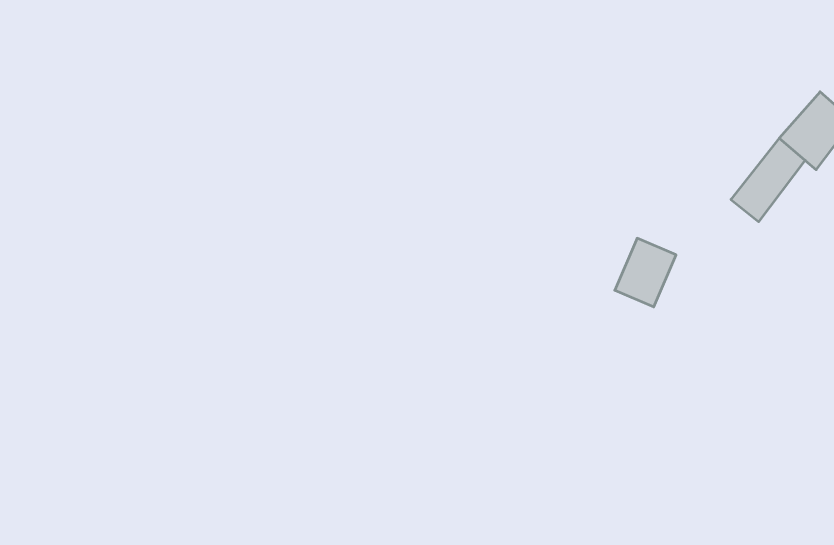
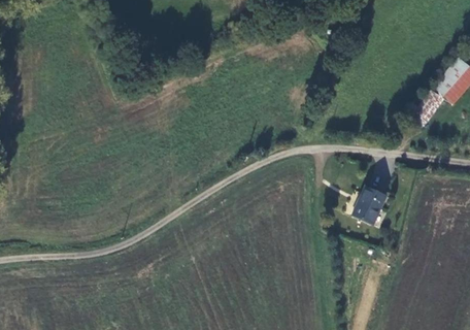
building: [615,238,676,307] -> [352,186,387,224]

